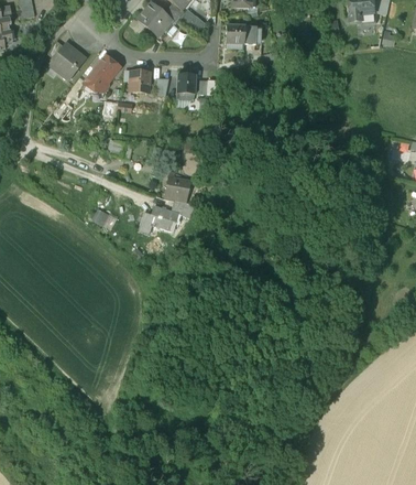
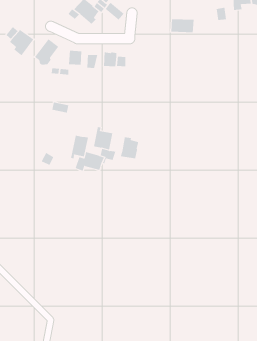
building: [225,23,256,42] -> [170,19,194,33]
building: none -> [70,135,89,159]
building: none -> [120,137,139,159]

